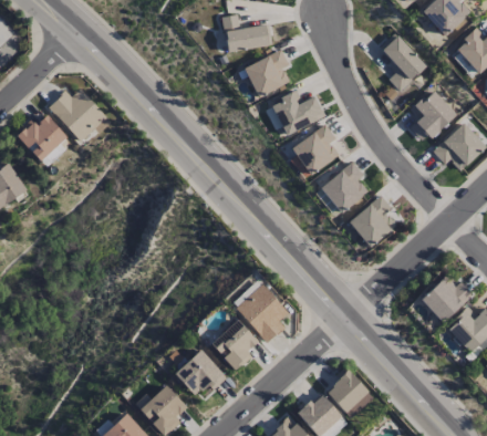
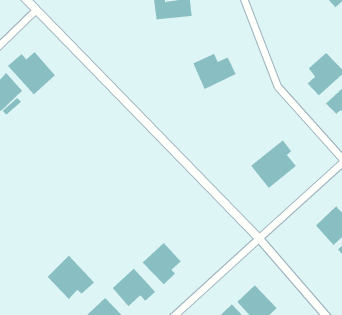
building: [380,32,427,93] -> none
building: [244,49,290,97] -> none
building: [291,125,339,175] -> none
building: [320,160,367,214] -> none
building: [236,284,289,343] -> none
building: none -> [47,255,95,300]

